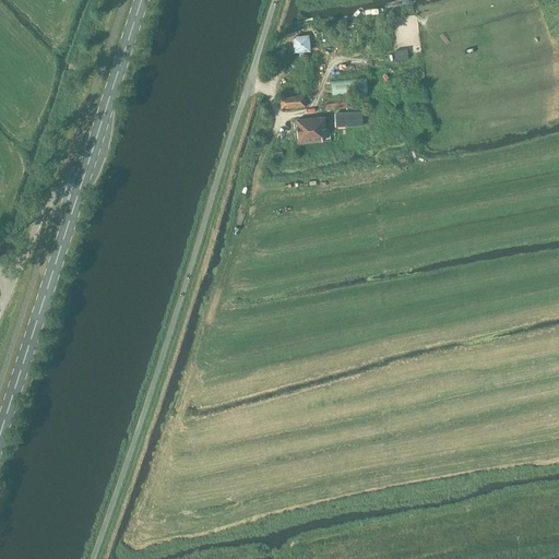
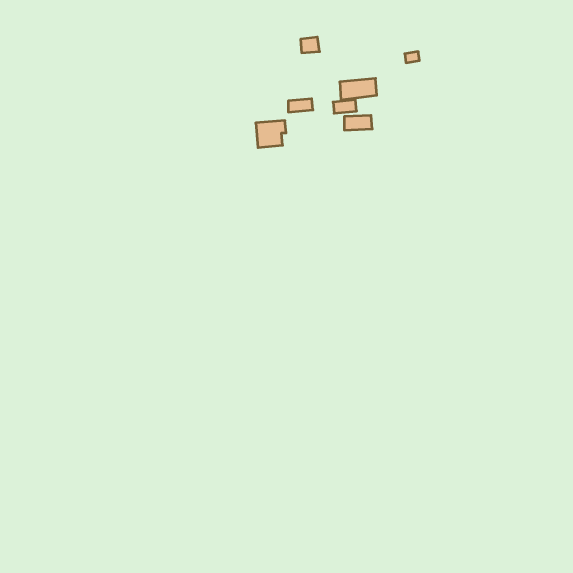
building: [296,118,325,144] -> [256,121,286,148]

